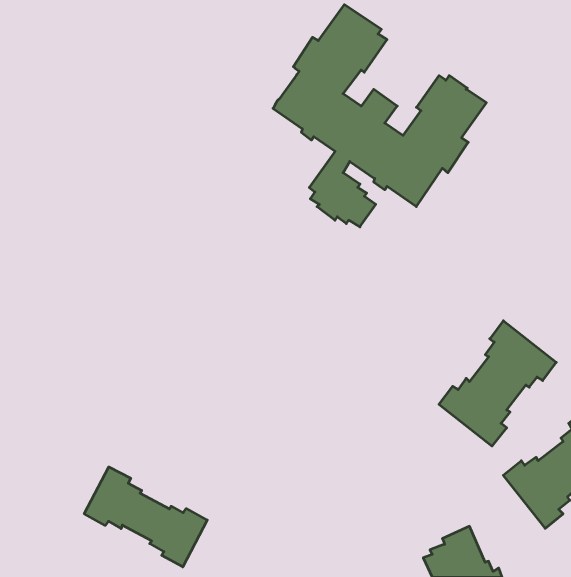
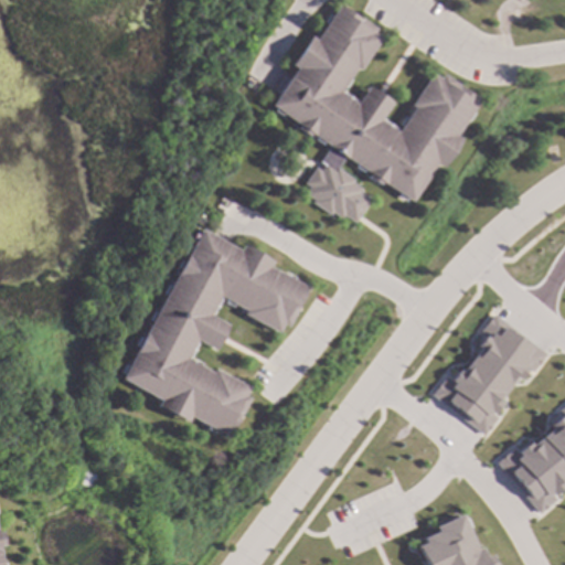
building: none -> [124,230,311,437]
building: [84,467,207,567] -> none

